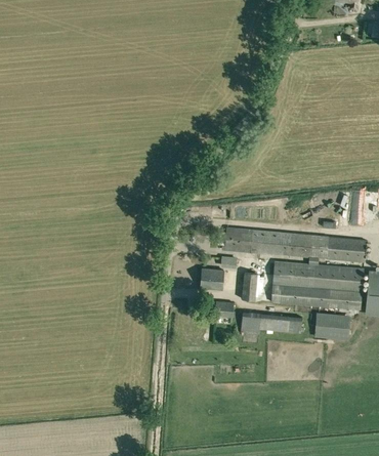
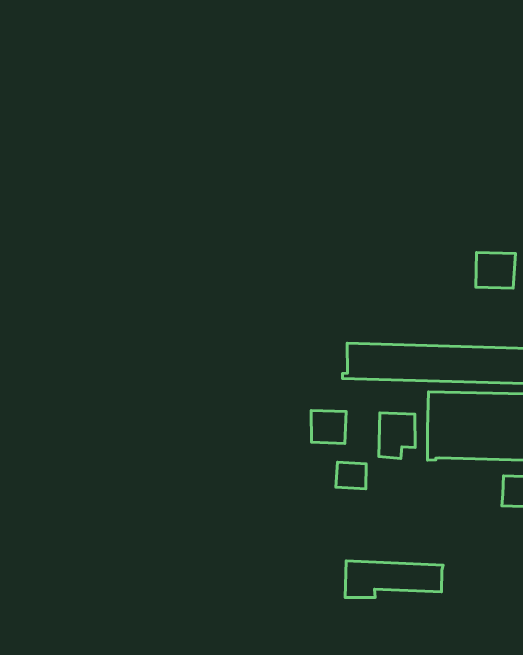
building: none -> [476,252,516,288]
building: [241,310,302,334] -> [345,561,443,598]

